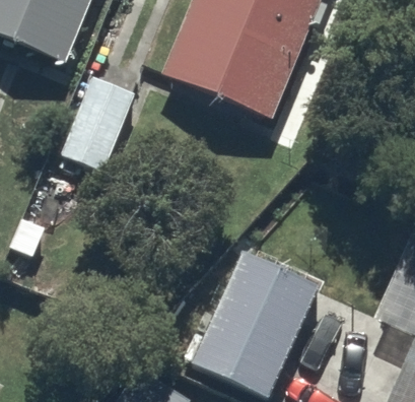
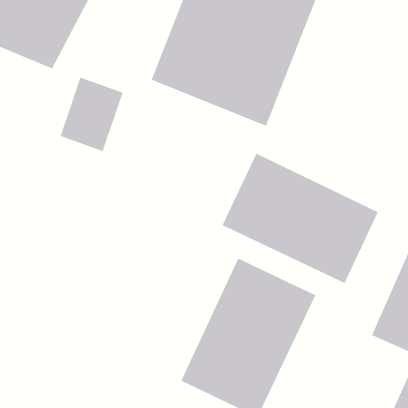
building: none -> [222,153,379,284]

